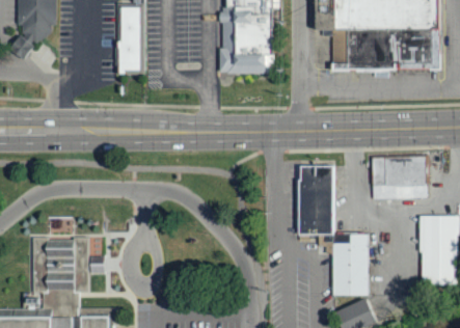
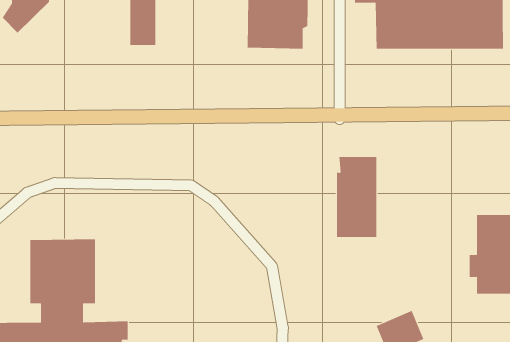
building: [370,156,426,198] -> none
building: [332,233,368,294] -> none

